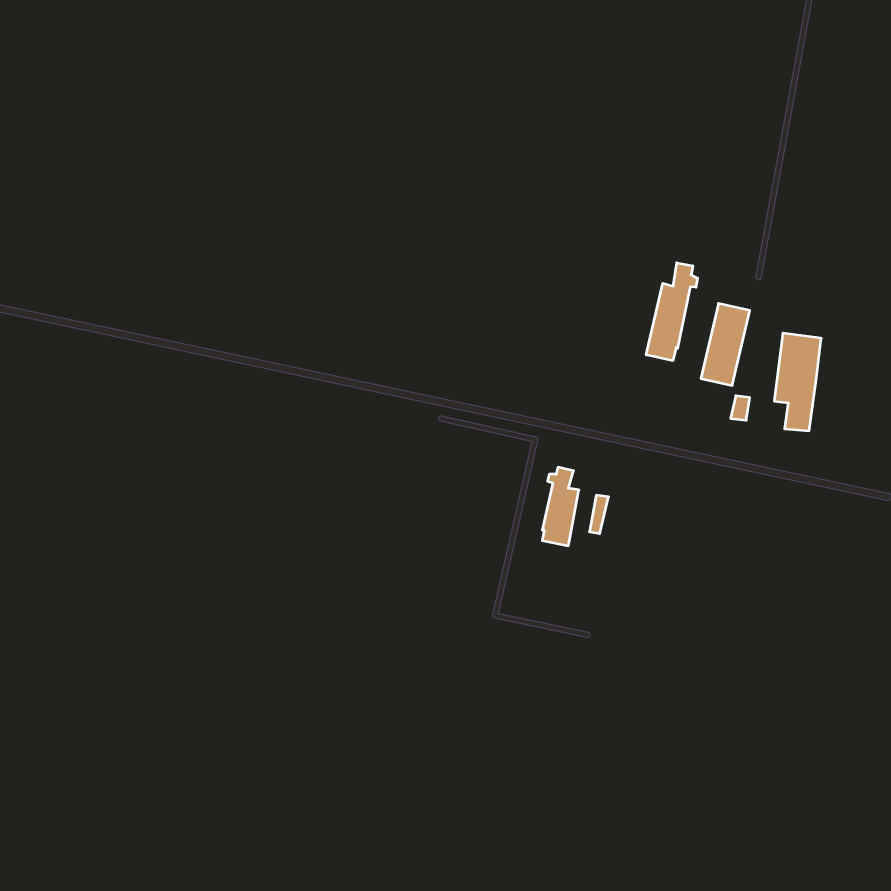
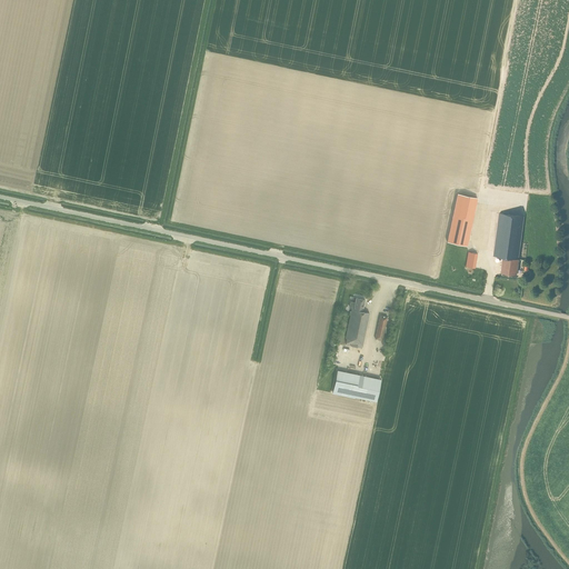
building: [646,263,698,361] -> none
building: none -> [332,370,381,401]

